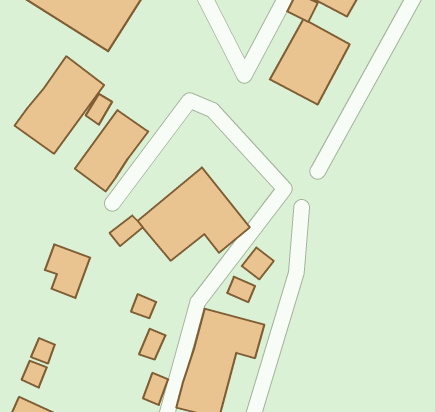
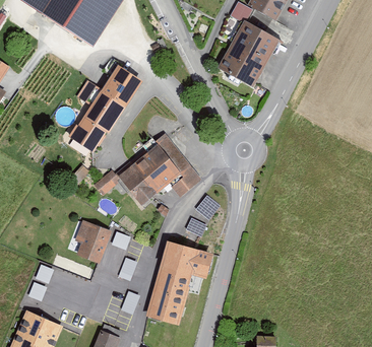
building: [15,56,104,154] -> none
building: none -> [101,65,141,107]
building: [45,244,90,298] -> [75,221,110,262]

